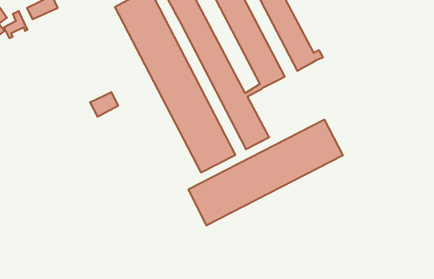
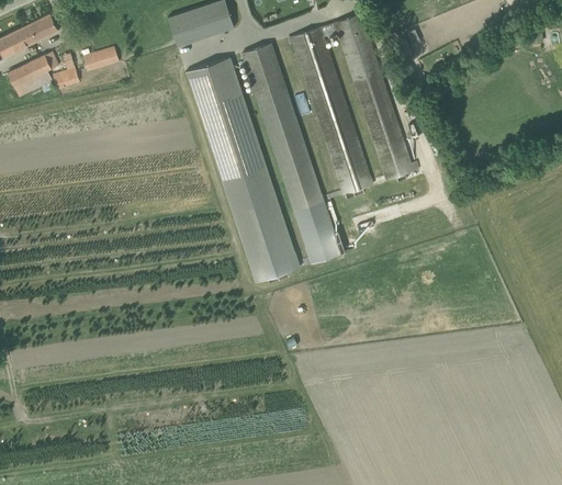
building: [90,92,118,117] -> none
building: [189,120,343,226] -> none

